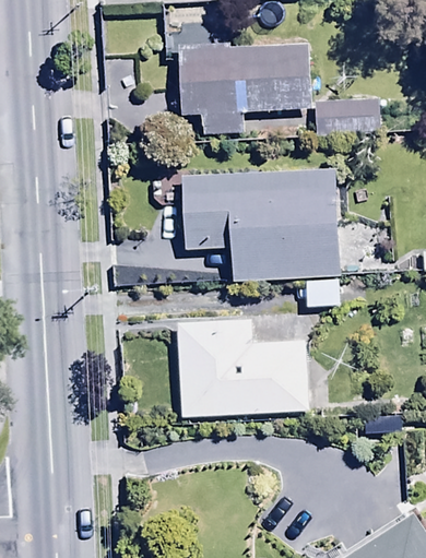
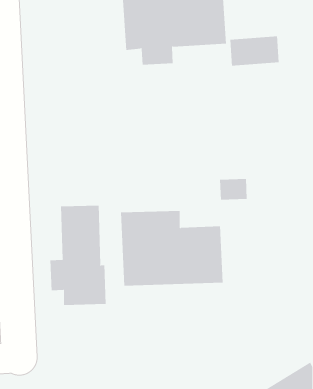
building: [182,168,342,281] -> none
building: none -> [50,205,106,306]

